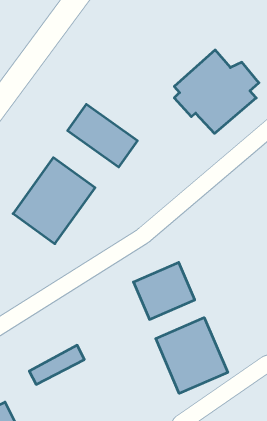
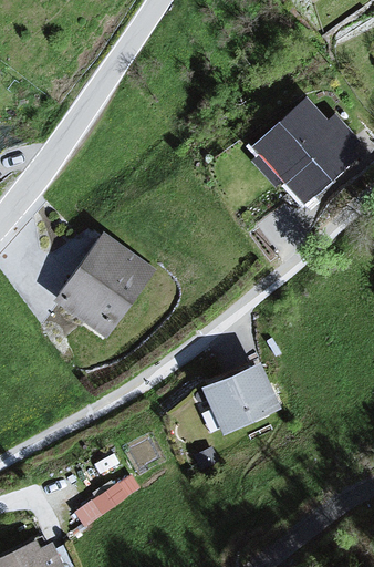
building: [68,104,137,167] -> none
building: [156,318,228,393] -> none

